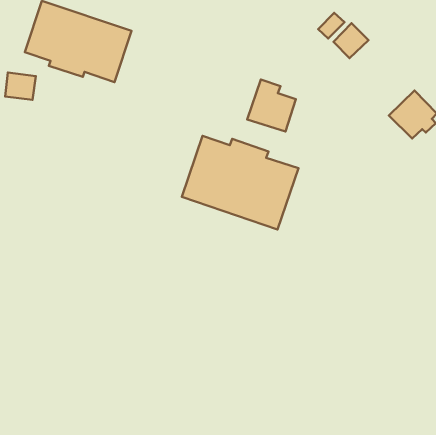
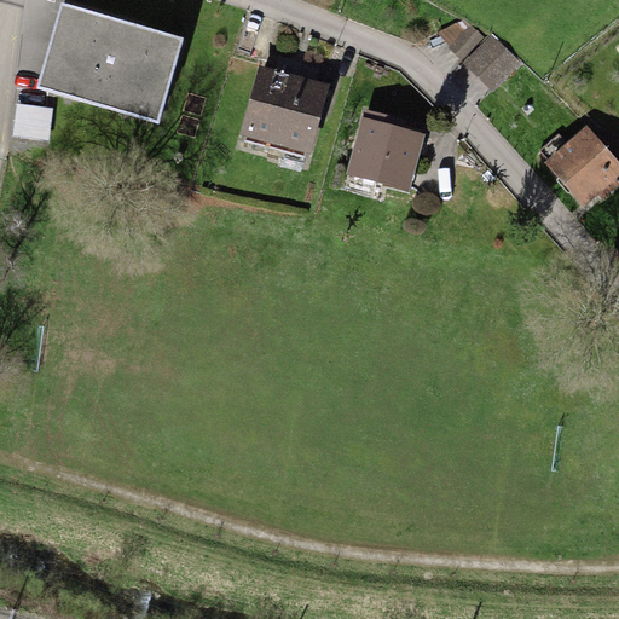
building: none -> [239,69,324,157]
building: [182,136,298,230] -> none

